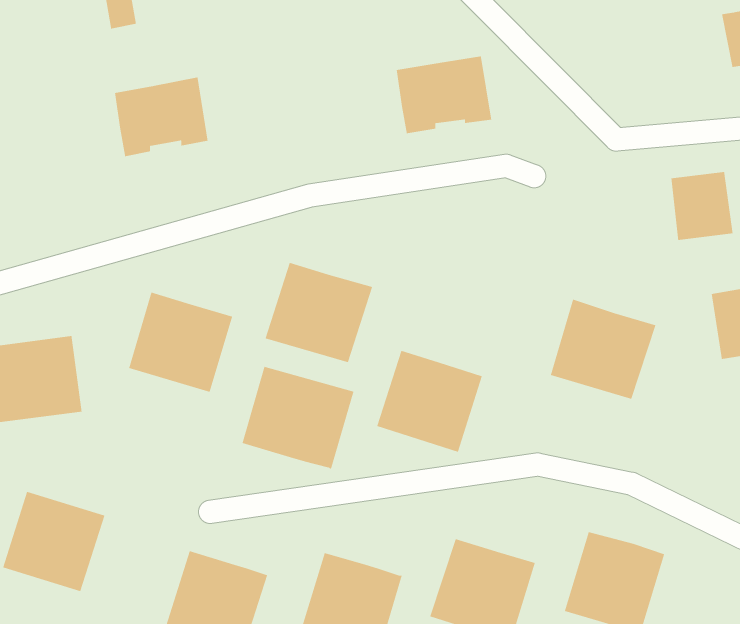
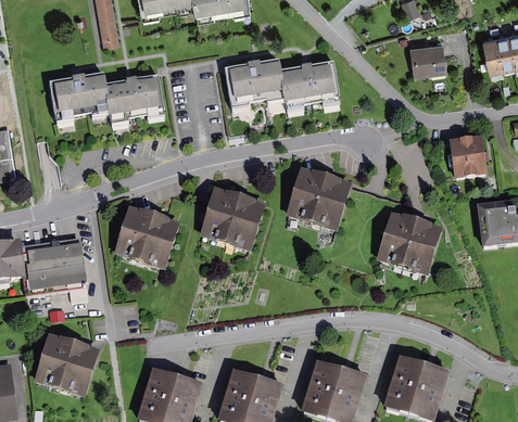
building: none -> [408,39,445,73]
building: none -> [223,59,282,108]
building: none -> [48,73,109,122]
building: [376,350,483,453] -> [285,169,351,233]
building: [242,366,355,470] -> none

